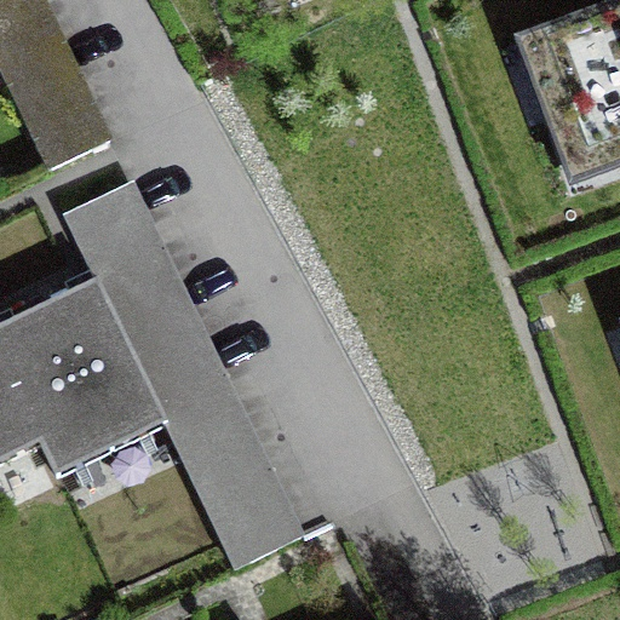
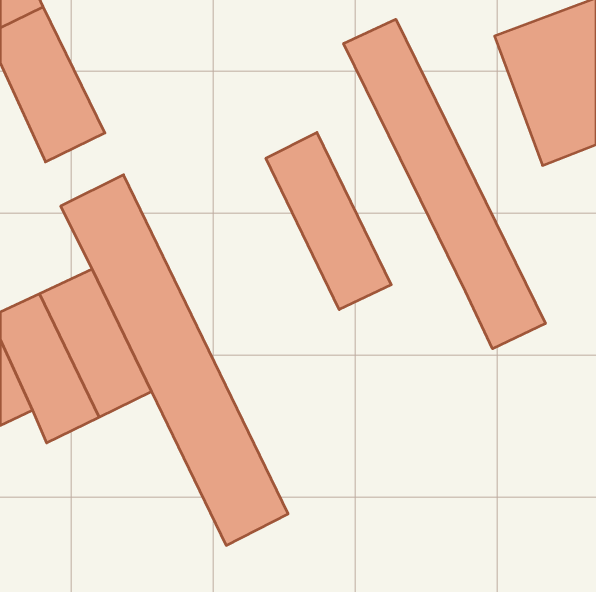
building: none -> [344,19,545,349]
building: none -> [266,132,391,310]

